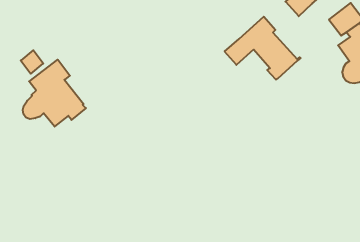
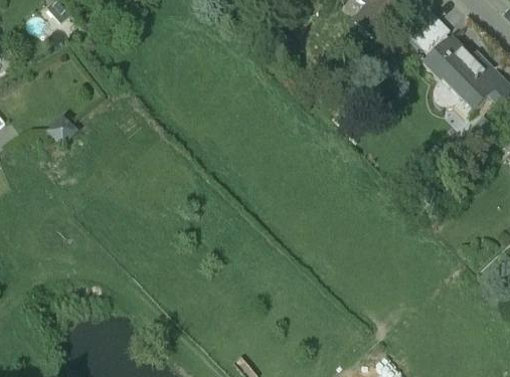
building: [225,17,301,80] -> none
building: [23,60,86,127] -> none

